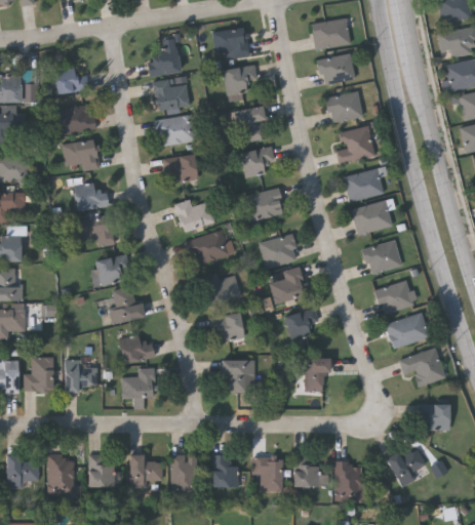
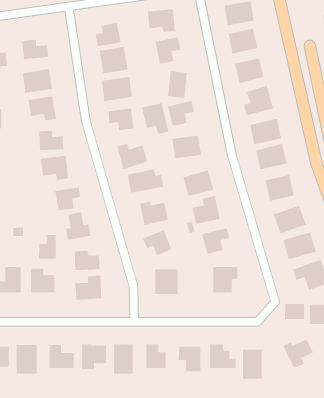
building: none -> [142,102,169,135]
building: none -> [39,234,56,259]
building: none -> [285,303,305,320]

